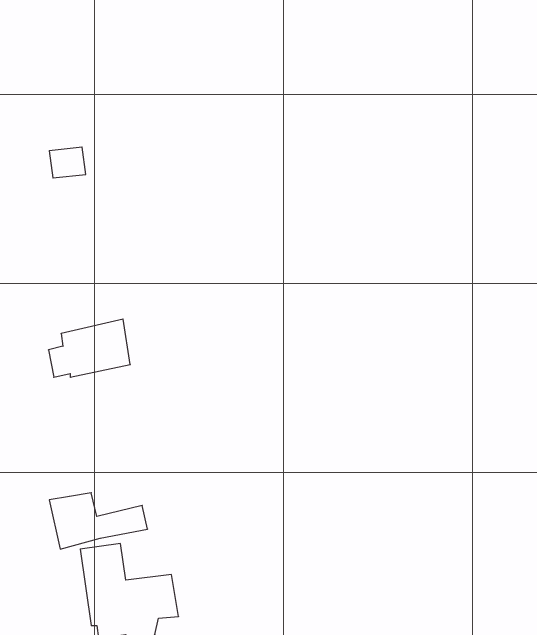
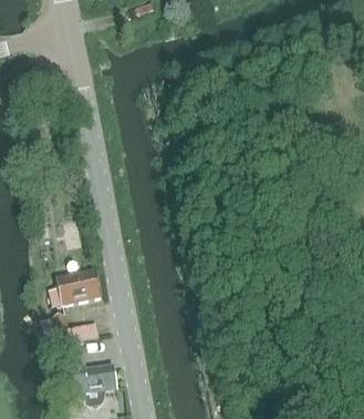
building: [48,319,130,377] -> [49,269,98,305]

